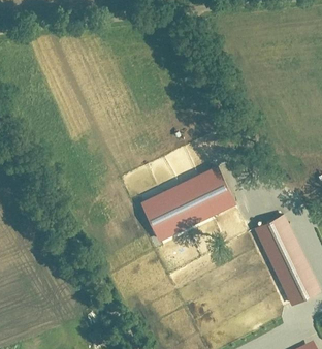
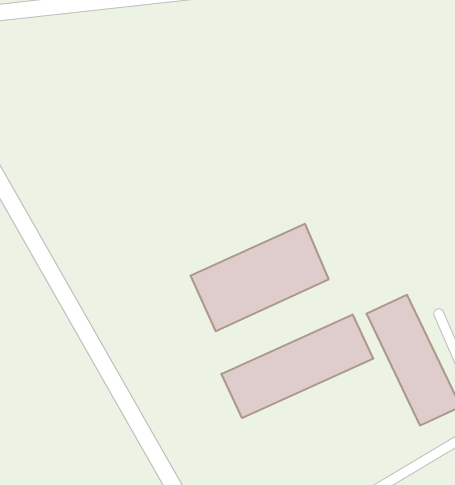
building: none -> [221,314,373,418]

